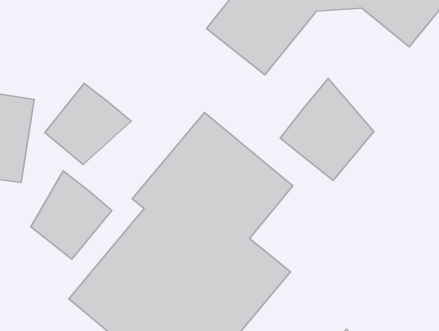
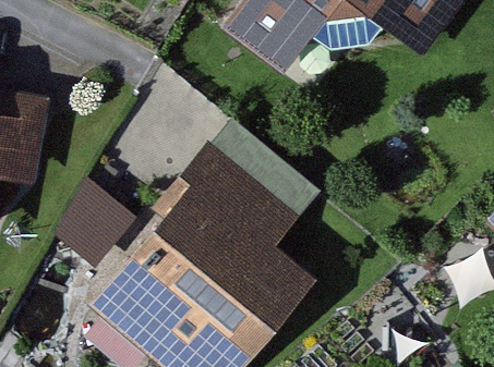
building: [280,79,374,180] -> none
building: [45,84,131,164] -> none

